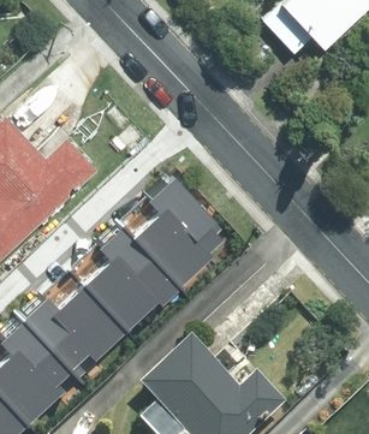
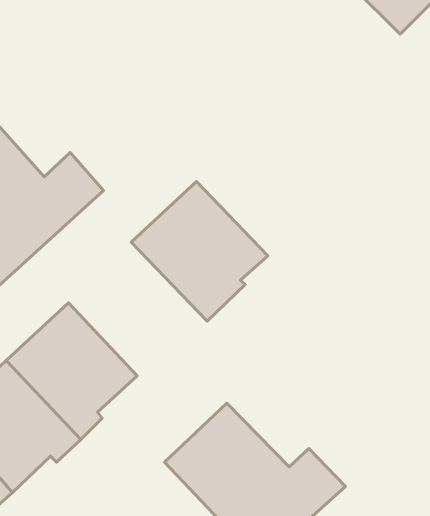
building: [65,215,174,321] -> none

